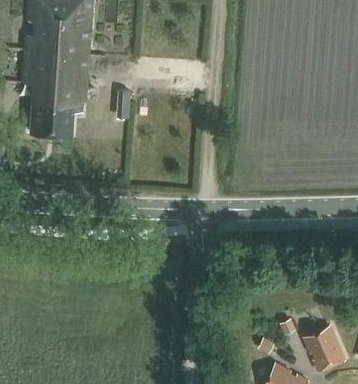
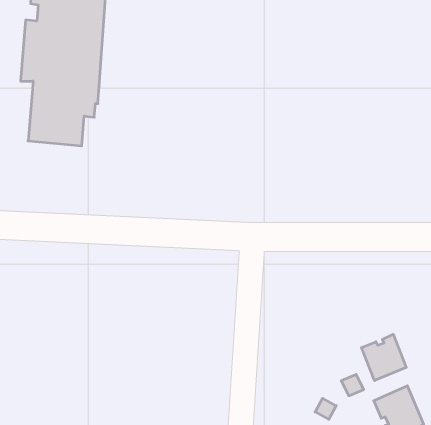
building: none -> [361,334,406,381]

